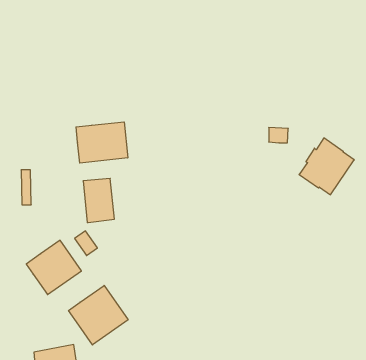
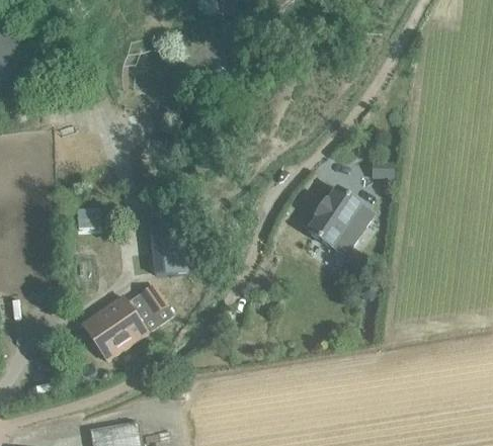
building: [76,122,128,163] -> none
building: [299,138,354,195] -> [308,188,374,256]
building: [69,285,128,345] -> none

